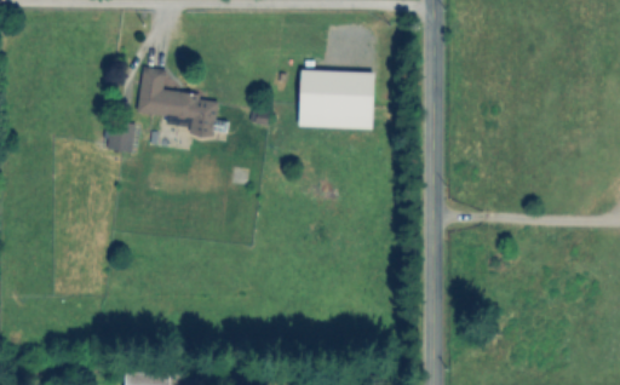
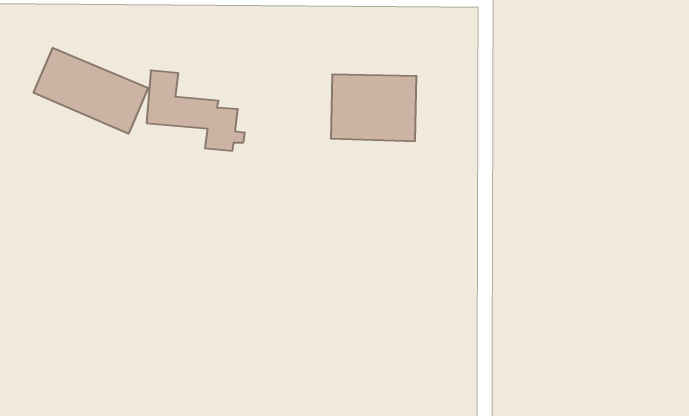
building: none -> [34,48,148,134]

